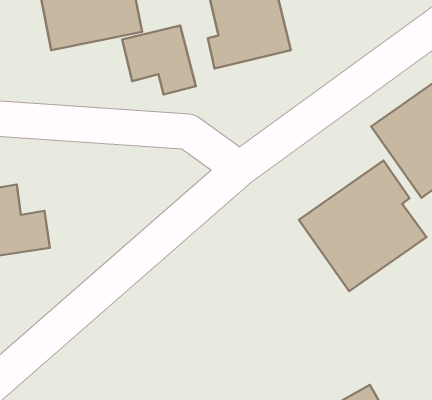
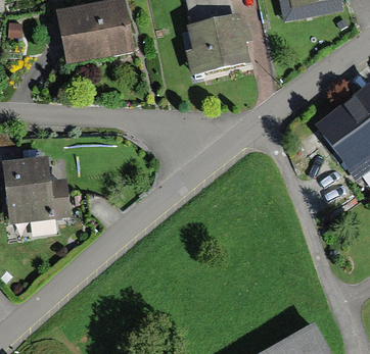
building: [122,26,196,94] -> none
building: [299,160,426,291] -> none

